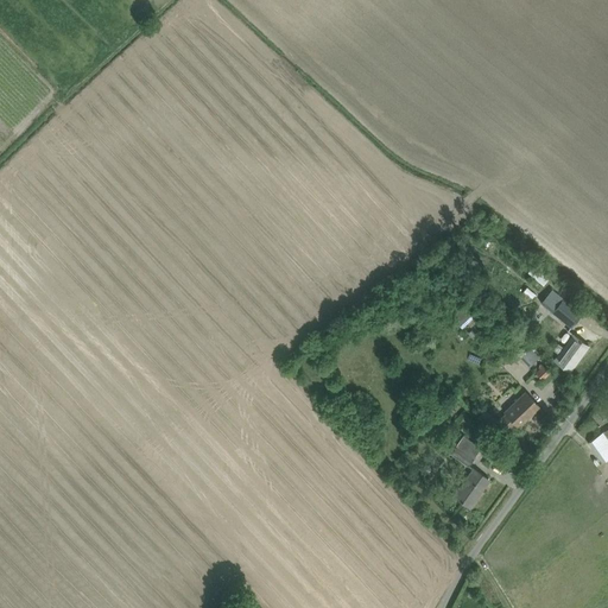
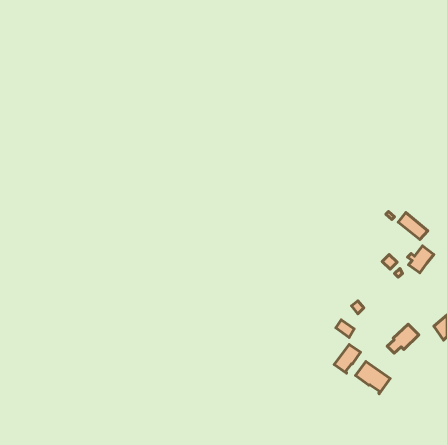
building: [496,394,539,433] -> [387,324,419,353]
building: none -> [355,362,390,394]

